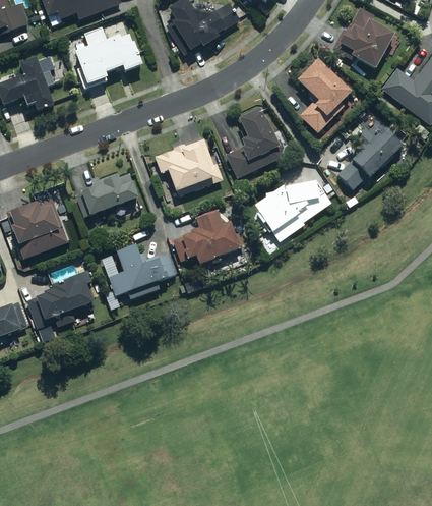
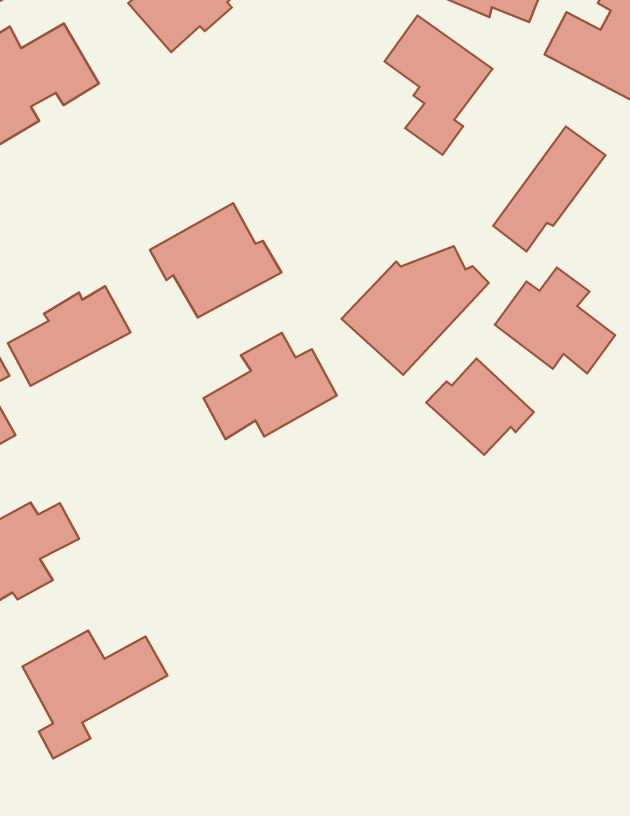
building: [224,108,282,179] -> none
building: none -> [495,267,615,374]
building: none -> [426,358,534,455]
building: [102,244,177,308] -> [22,630,167,758]

